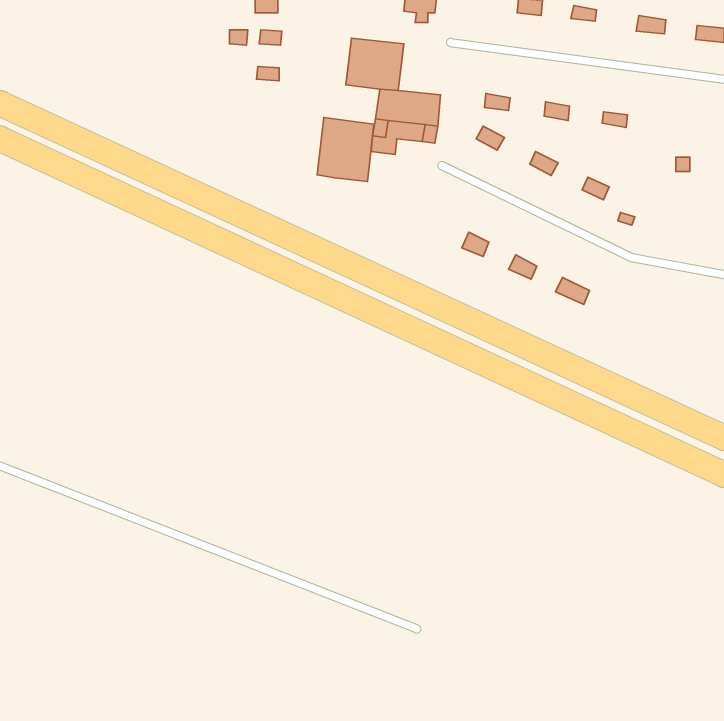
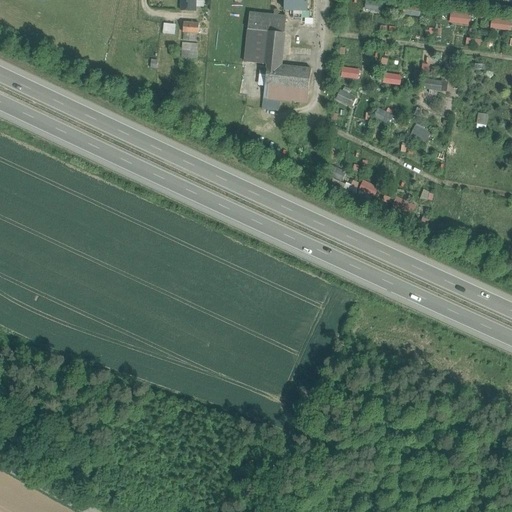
building: none -> [248,11,286,31]
building: [317,118,374,181] -> none

